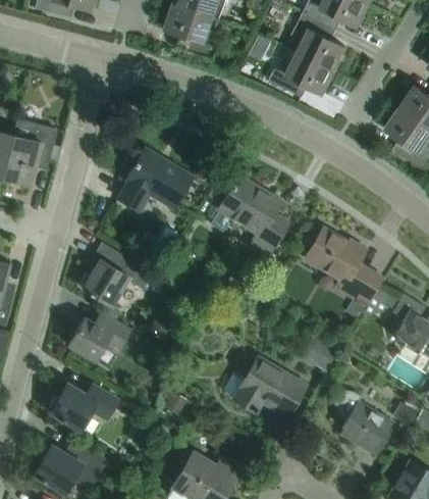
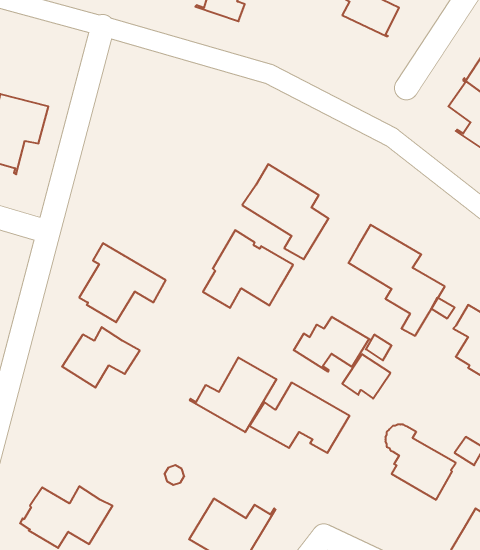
building: [268,53,335,97] -> none
building: [117,147,192,211] -> [203,230,293,308]
building: none -> [294,317,371,372]
building: none -> [190,357,276,432]
building: [49,382,119,431] -> none

